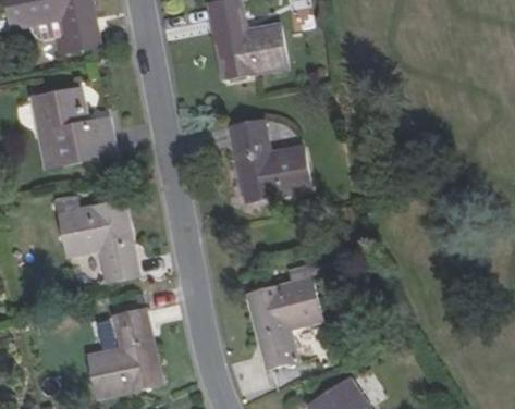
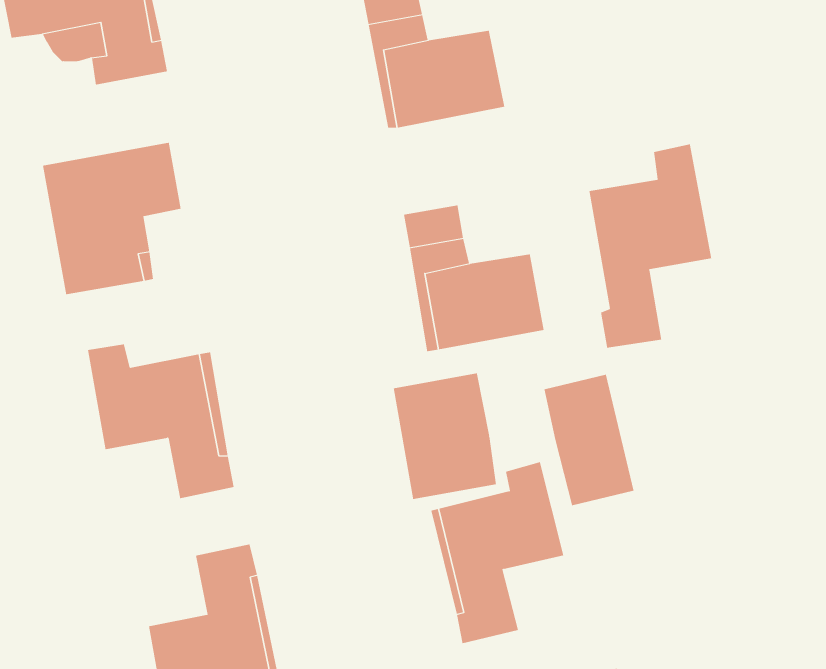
building: none -> [589,144,712,348]
building: none -> [393,373,496,500]
building: none -> [544,374,634,506]

